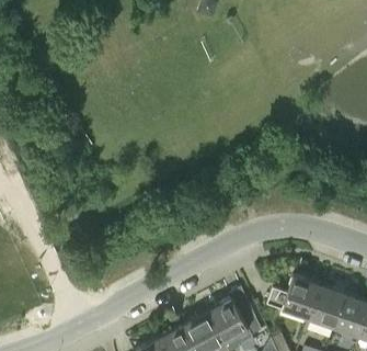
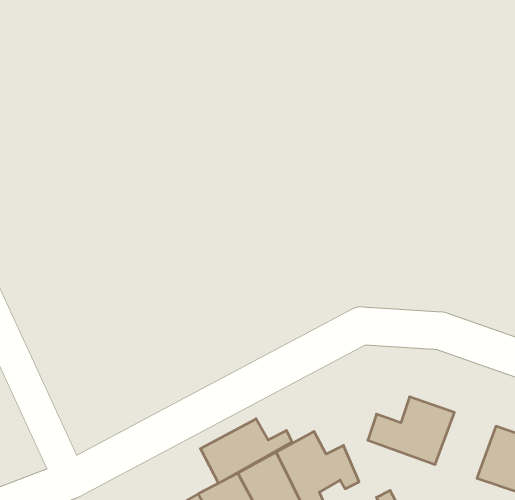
building: [309,286,347,328] -> none
building: none -> [200,419,292,483]

